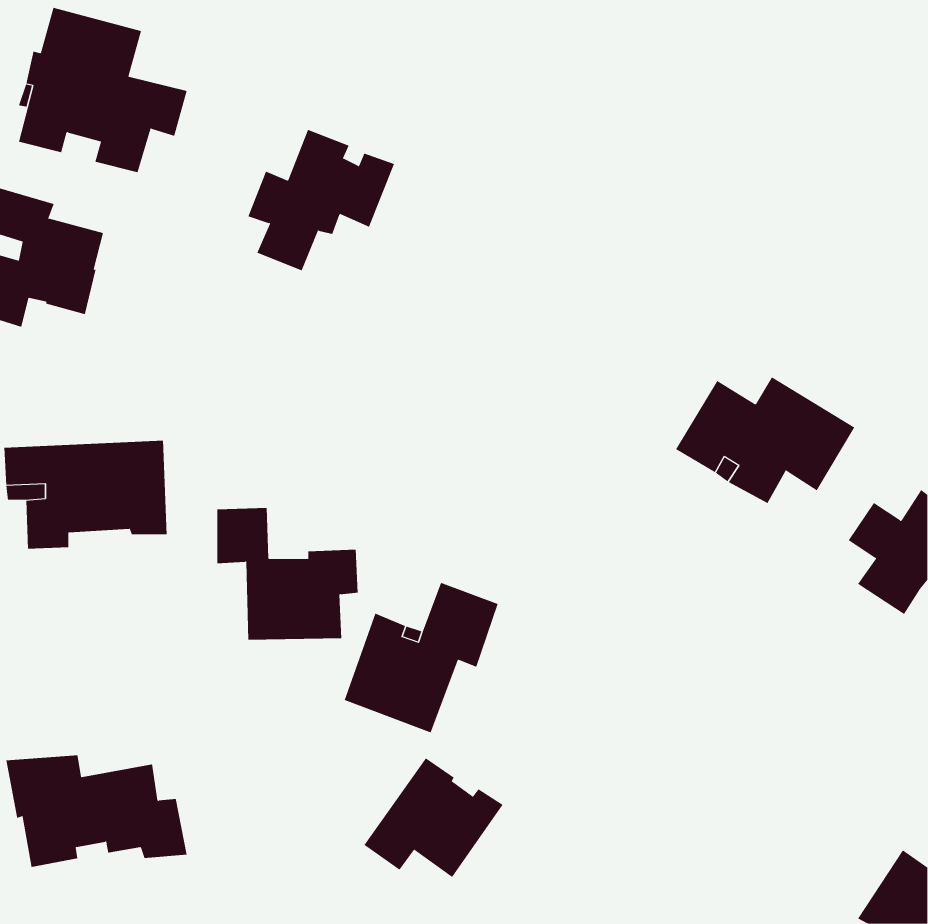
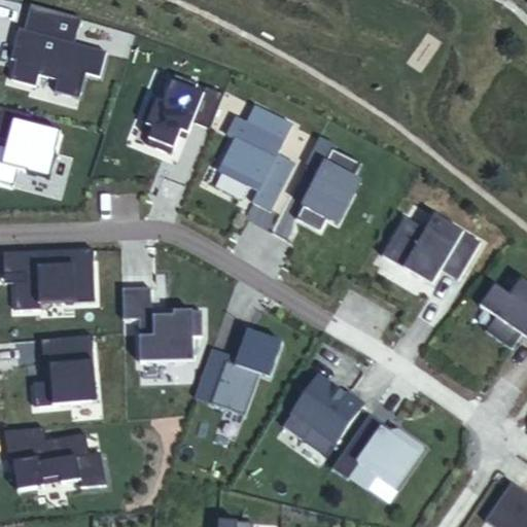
building: none -> [219,107,294,210]
building: none -> [295,138,359,231]
building: none -> [33,335,97,407]
building: none -> [331,414,422,488]
building: [363,758,504,878] -> [283,376,362,444]

